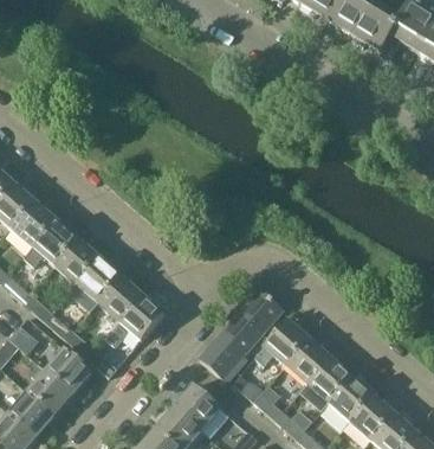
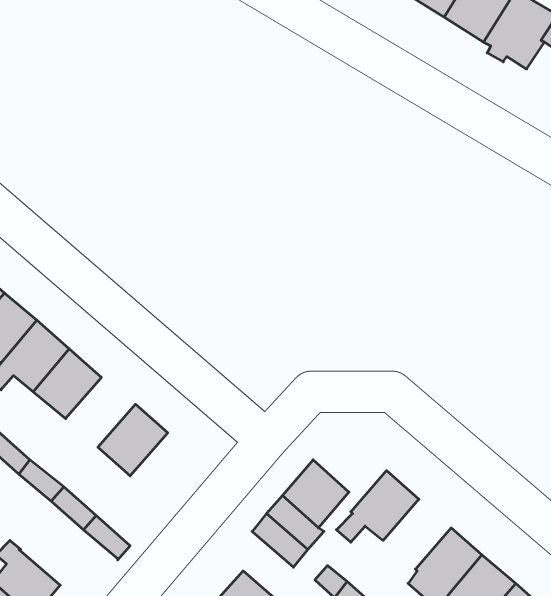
building: [75,257,121,303] -> none
building: [238,288,281,333] -> none
building: [104,294,163,347] -> none
building: [284,338,329,384] -> none
building: [44,349,90,395] -> none

